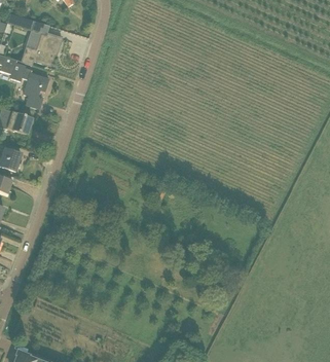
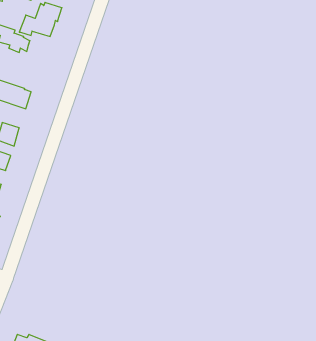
building: [24,71,48,107] -> none

